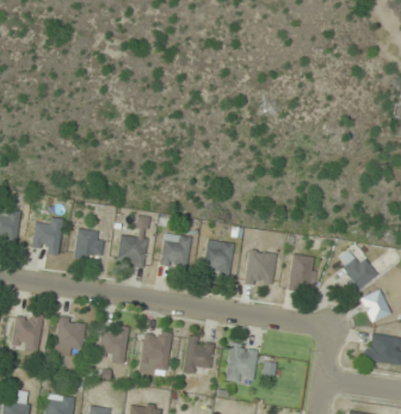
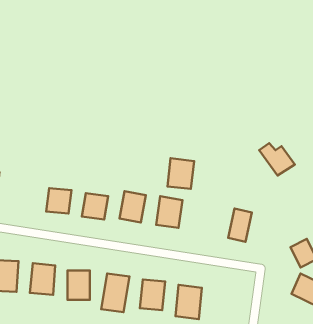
building: [31,218,63,254] -> none
building: [245,251,276,286] -> [168,158,194,189]
building: [337,252,378,290] -> [259,143,295,176]

